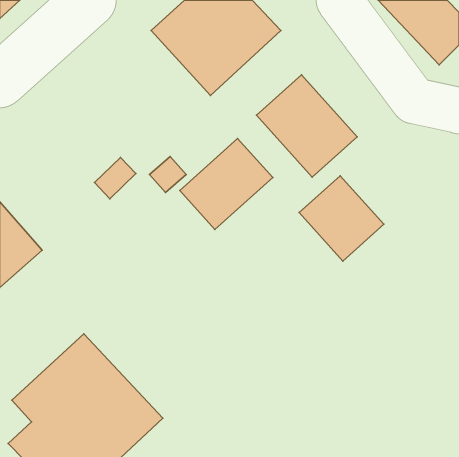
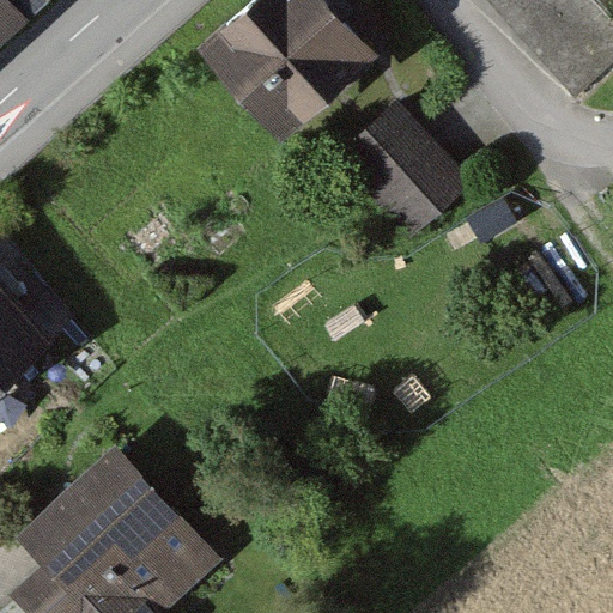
building: [180,138,273,230] -> none
building: [299,176,384,261] -> none

